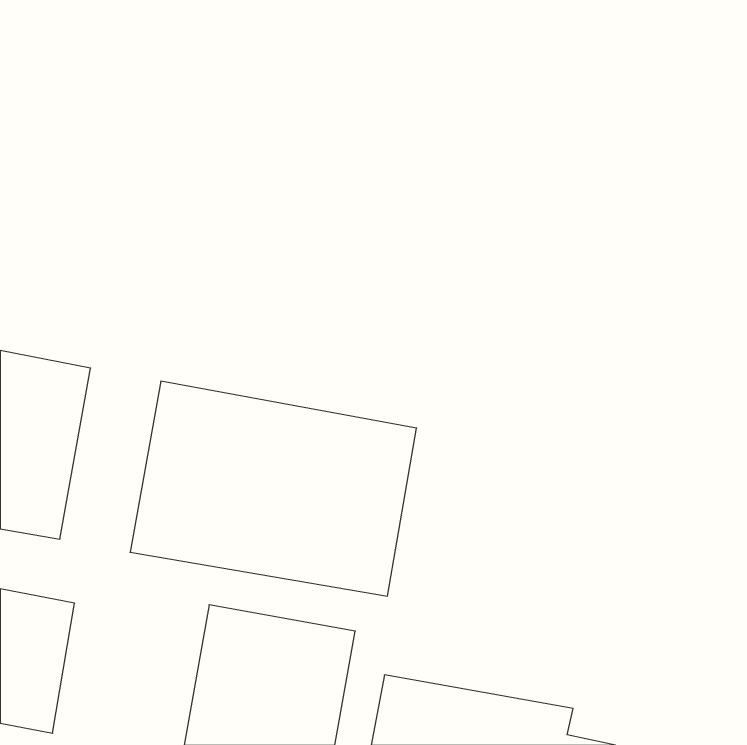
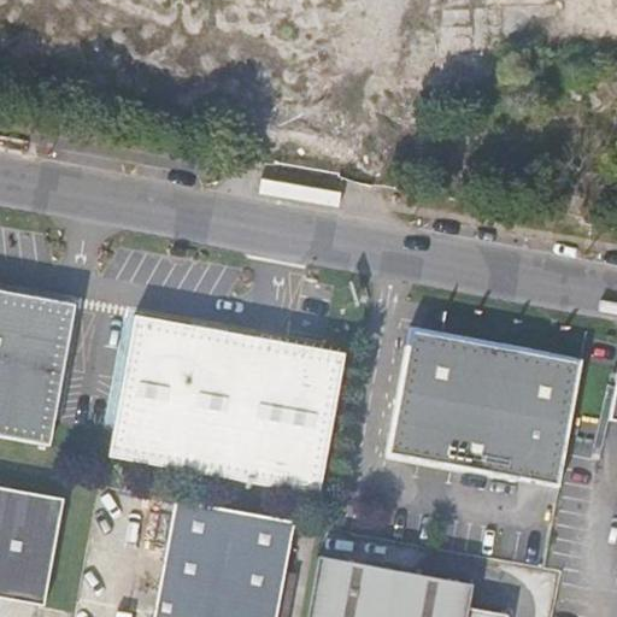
building: none -> [387,329,582,486]

